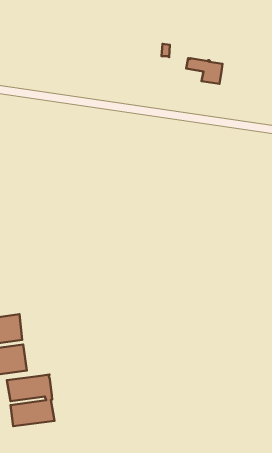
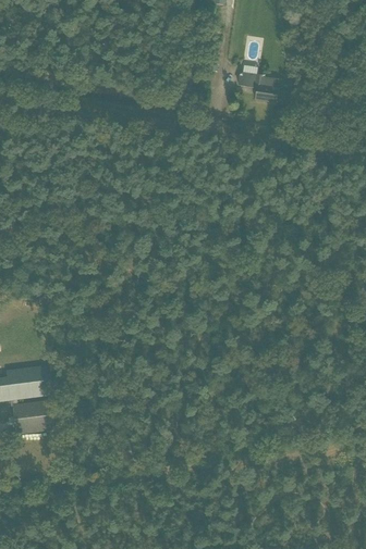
building: [7,374,55,426] -> none

